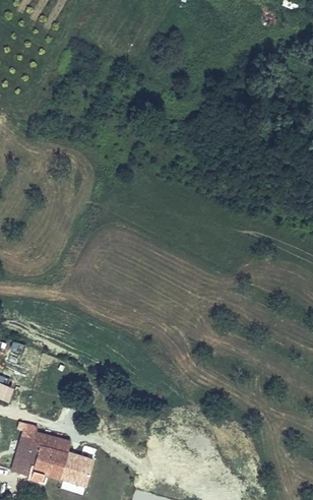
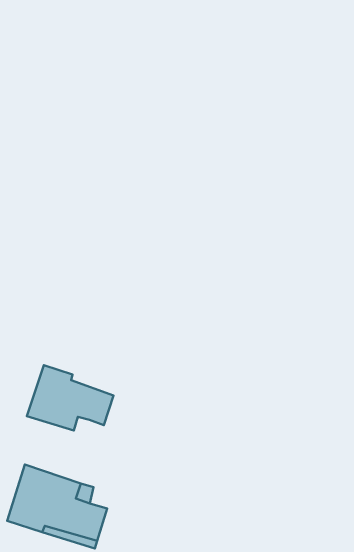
building: none -> [27,365,114,430]

